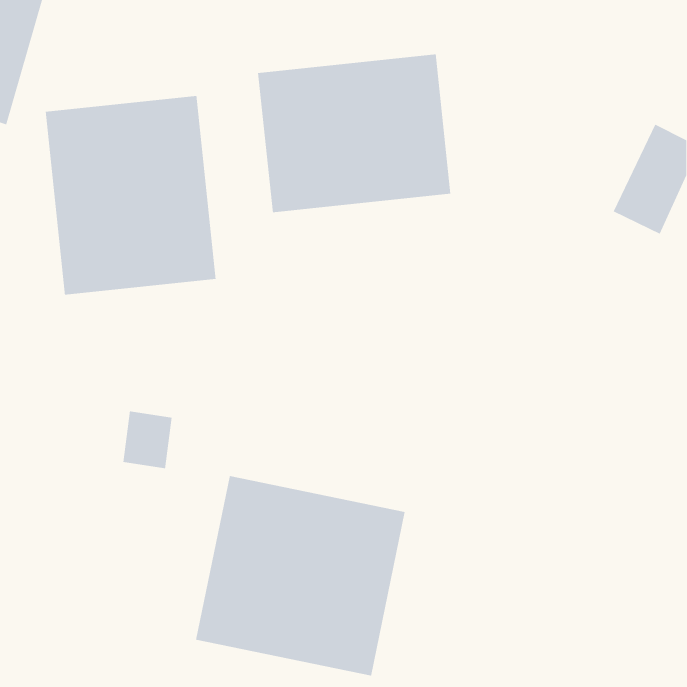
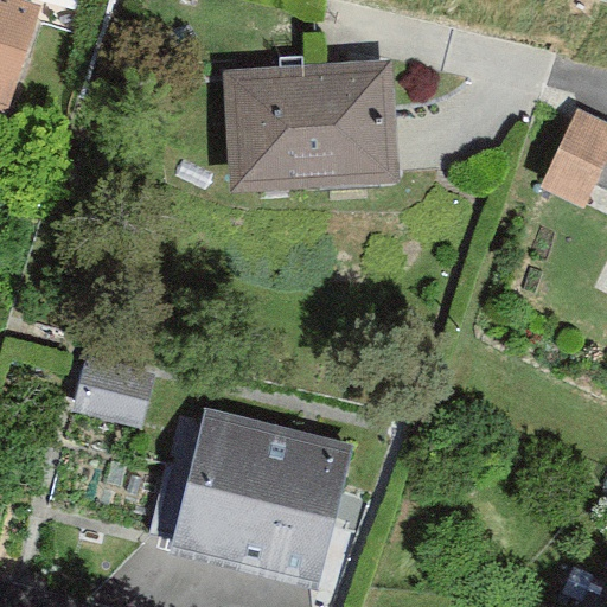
building: [45,95,216,296] -> none

